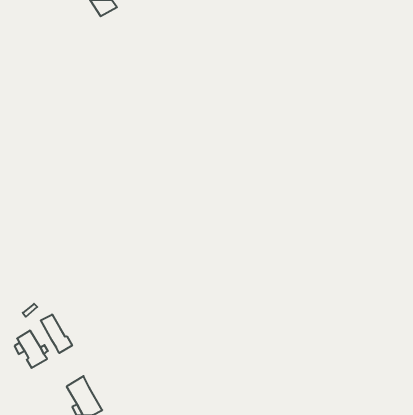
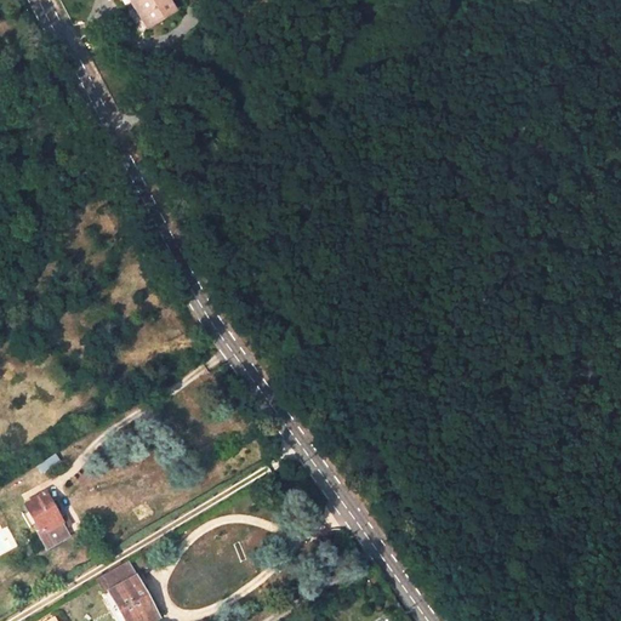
building: [41,314,72,353] -> none

